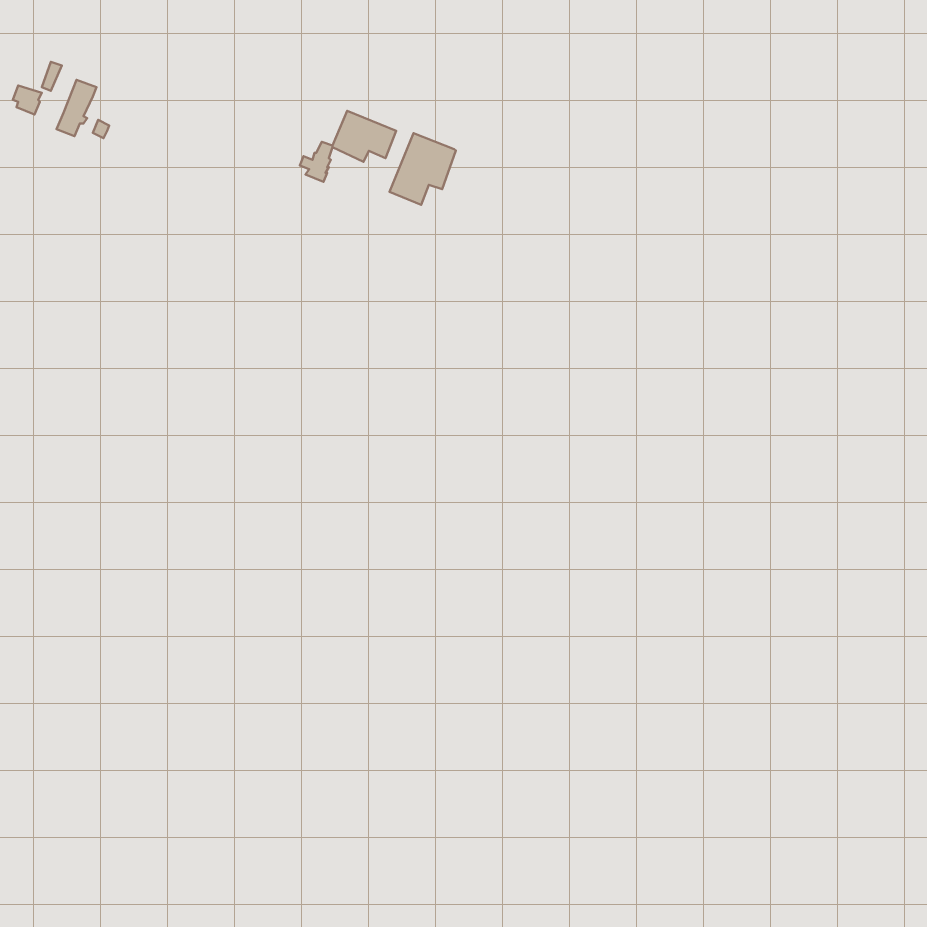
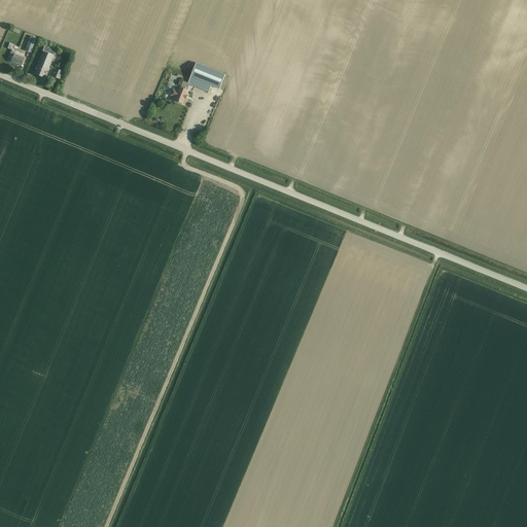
building: [390,133,456,205] -> none

